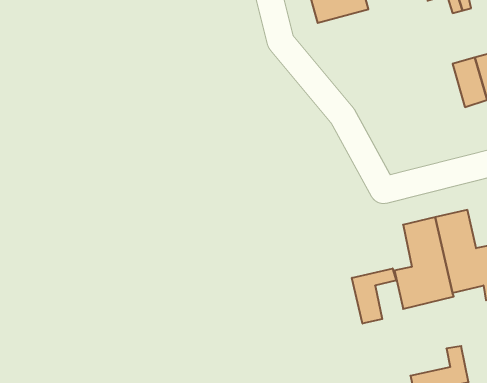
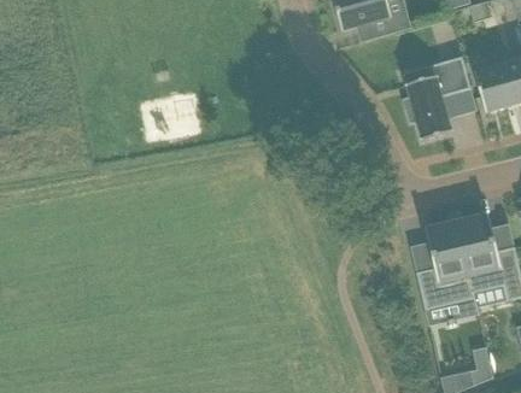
building: none -> [406,57,473,141]
building: [352,268,396,324] -> none

